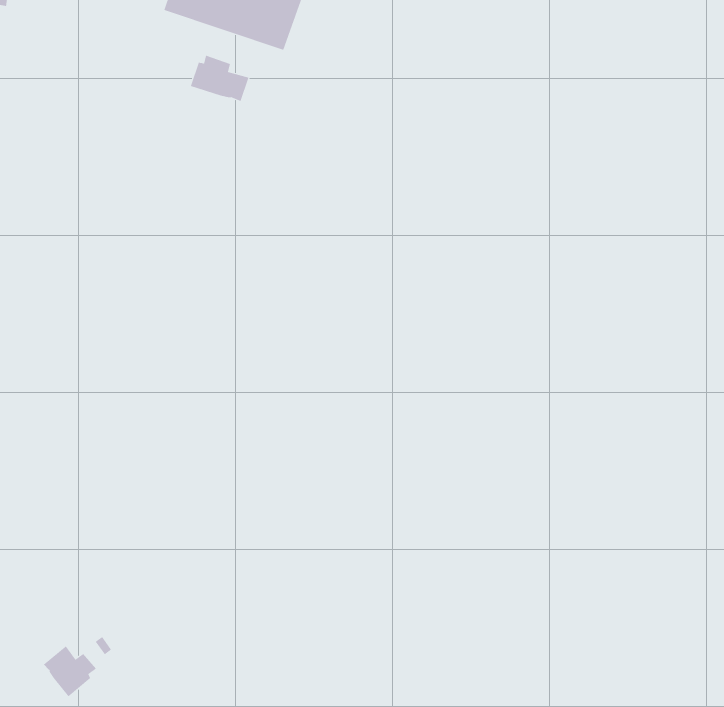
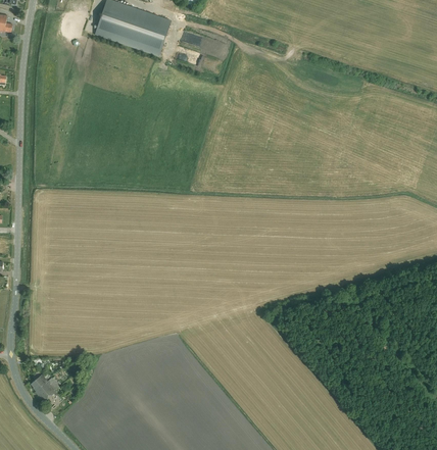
building: [190,55,249,102] -> none

